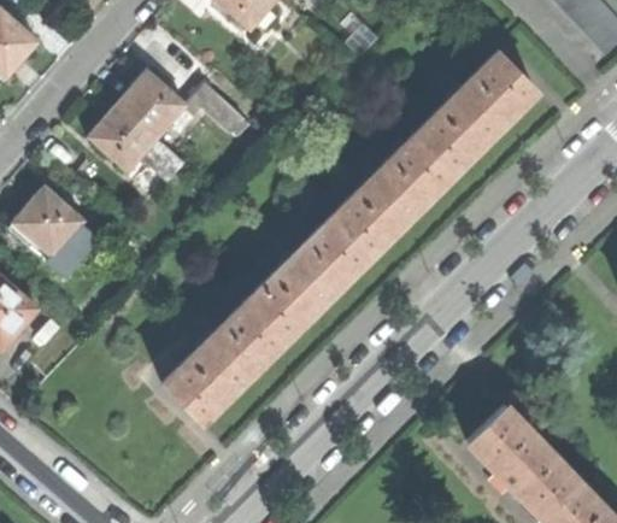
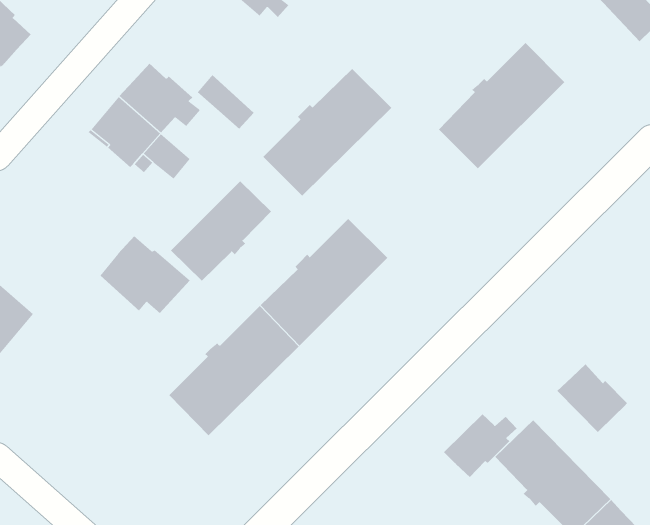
building: [331,134,453,254] -> [262,68,392,197]
building: none -> [170,180,272,281]
building: [10,189,95,263] -> [100,236,191,314]
building: none -> [557,364,628,433]
building: none -> [443,413,518,478]

